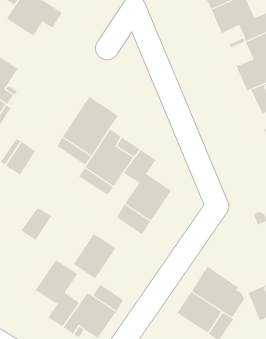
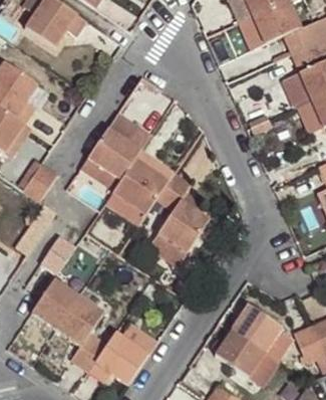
building: [73,233,116,279] -> [31,278,79,330]

